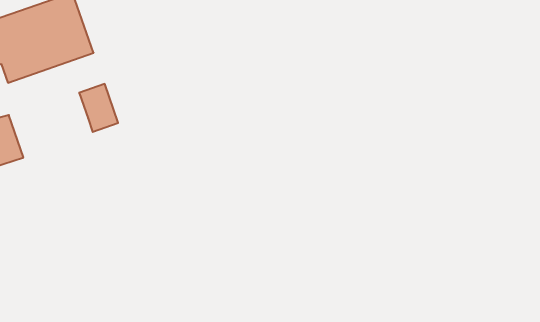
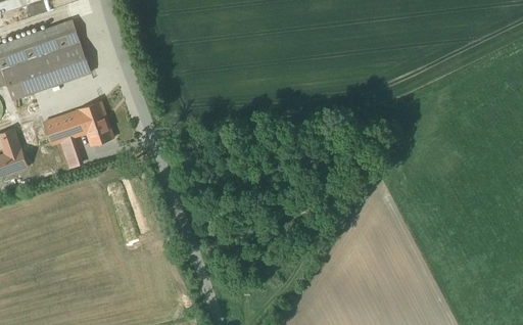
building: none -> [42,109,86,168]

